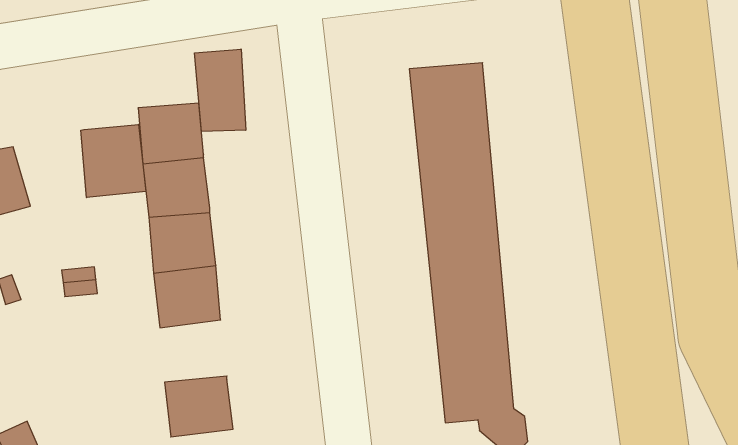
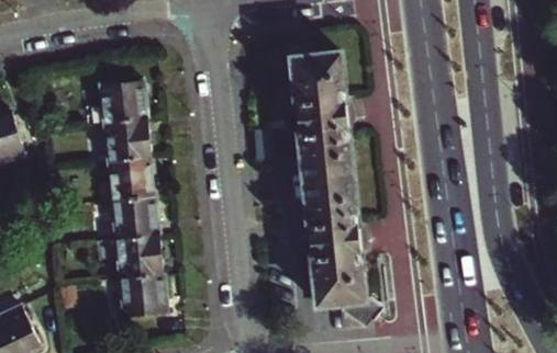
building: [195,49,246,132] -> none
building: [81,124,146,198] -> none
building: none -> [115,234,163,277]

